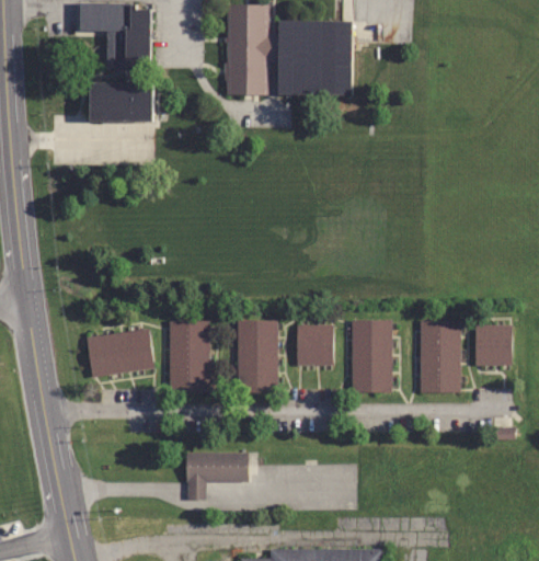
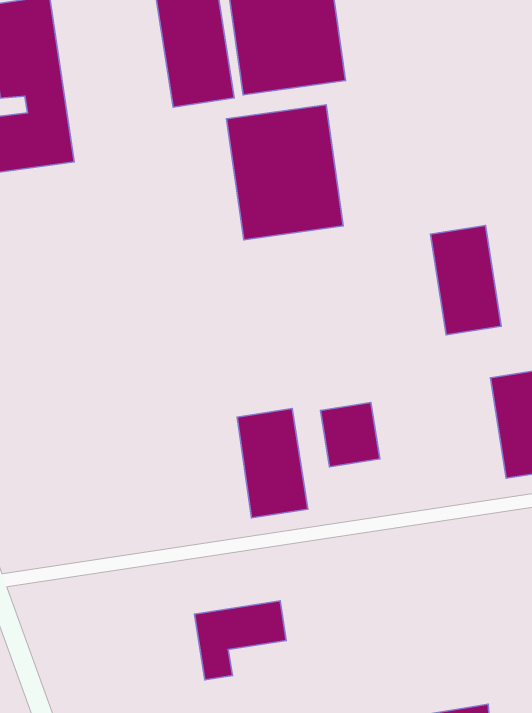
building: none -> [227,105,343,240]
building: [352,320,391,392] -> [431,226,501,335]
building: [170,321,209,393] -> none
building: [87,330,154,378] -> none

